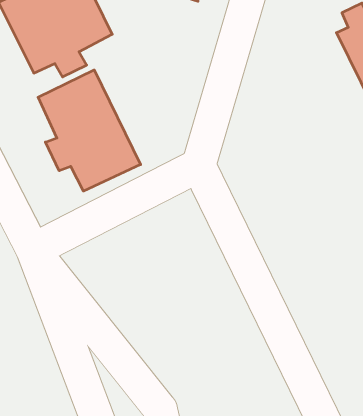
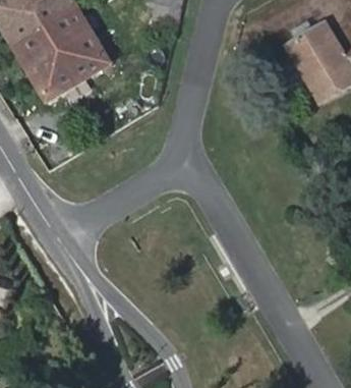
building: [38,70,141,191] -> none

